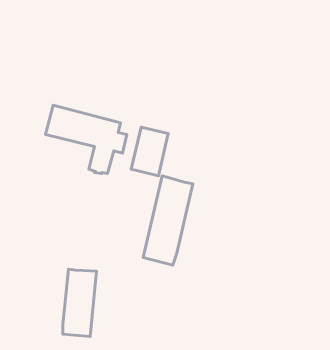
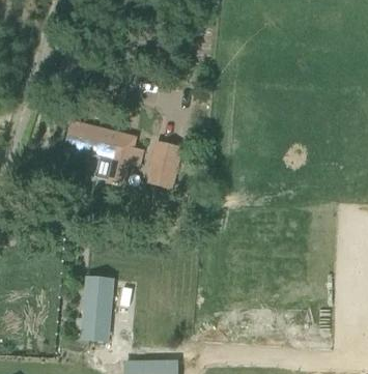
building: [143,176,193,265] -> none

